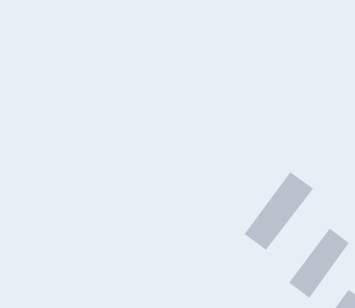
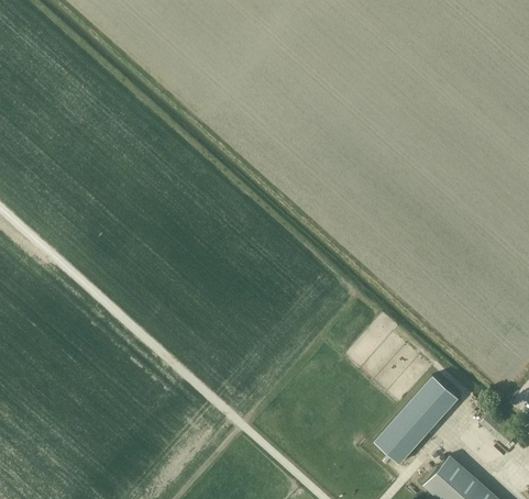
building: [243,171,314,251] -> none

